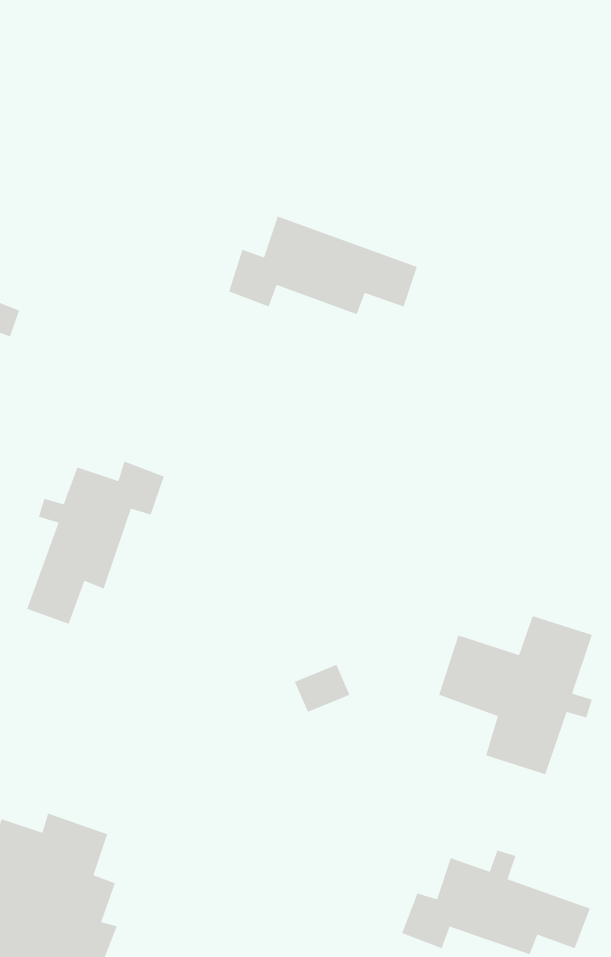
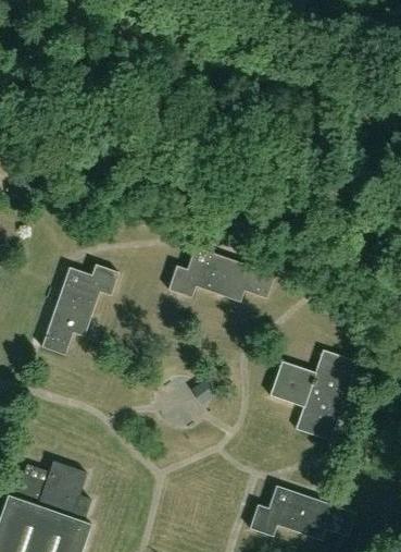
building: [228,216,418,315] -> [168,247,274,303]

